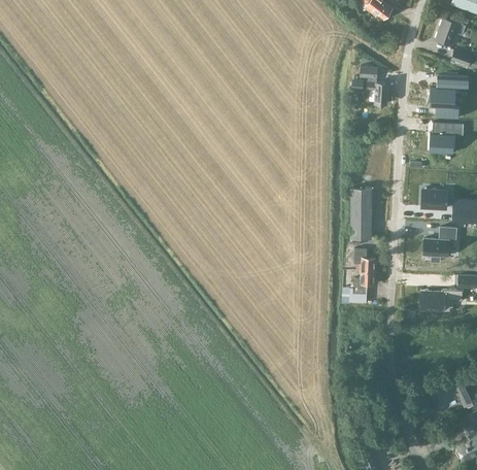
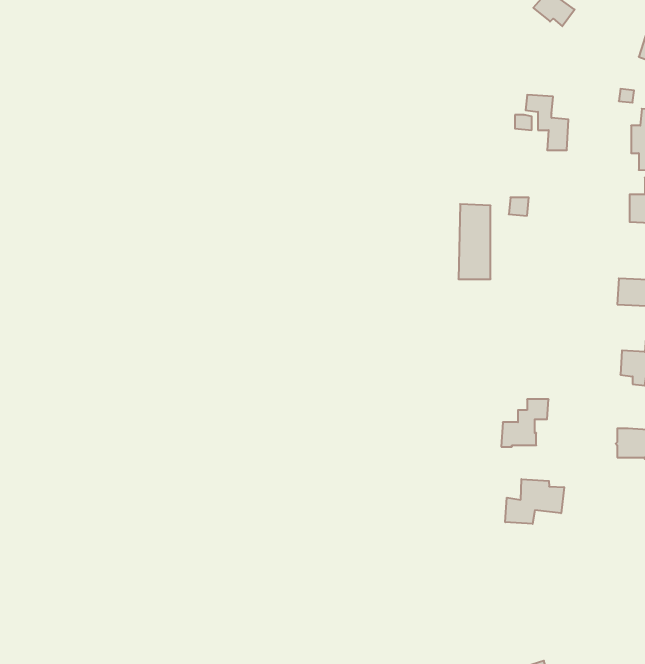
building: [349,188,371,238] -> [458,204,491,279]
building: [353,247,374,271] -> none
building: none -> [505,479,564,524]

